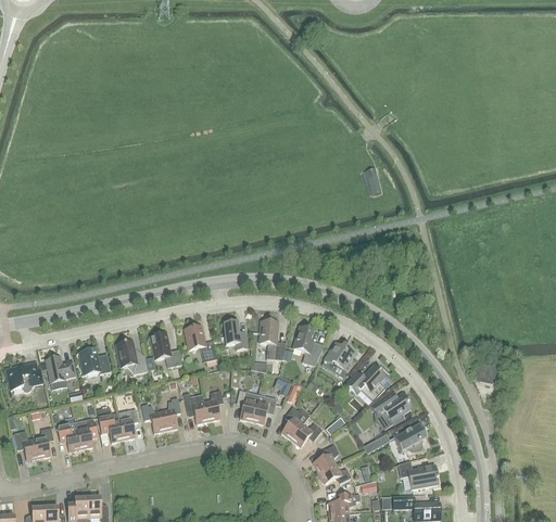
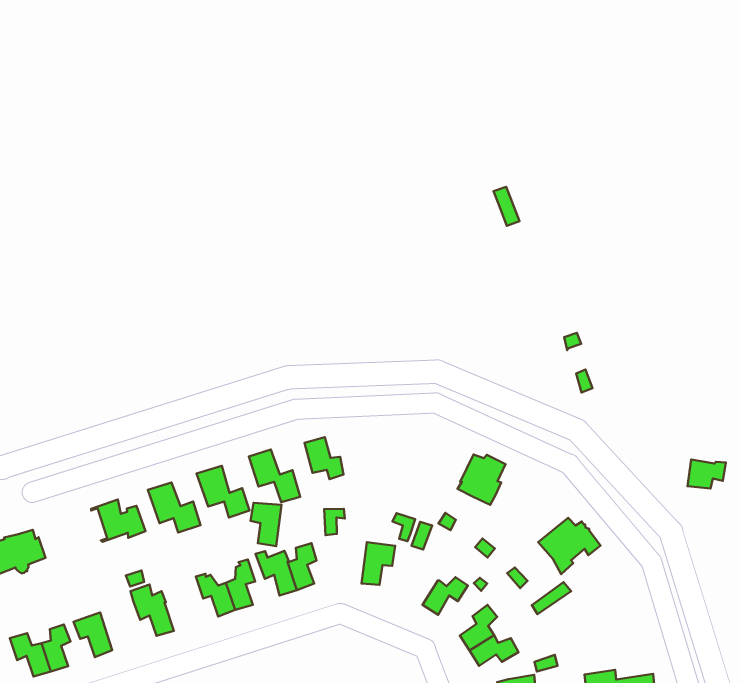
building: [258,319,286,359] -> none
building: [292,324,324,365] -> none
building: [46,355,75,382] -> none
building: [345,364,386,396] -> none
building: [236,390,257,420] -> [251,503,282,546]
building: [281,406,309,438] -> none
building: [117,408,138,438] -> none
building: [75,417,97,447] -> none
building: [393,422,427,455] -> none
building: [397,460,438,487] -> none

